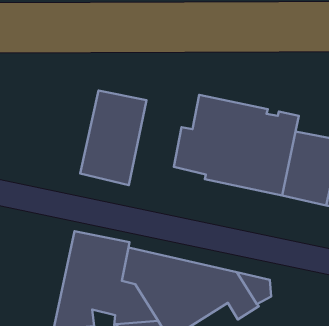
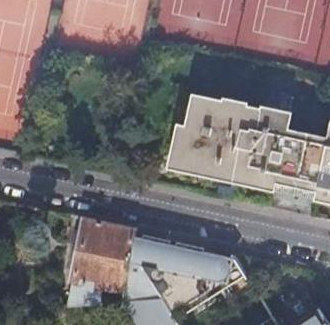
building: [80,90,146,185] -> none

